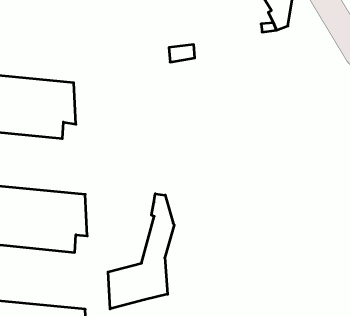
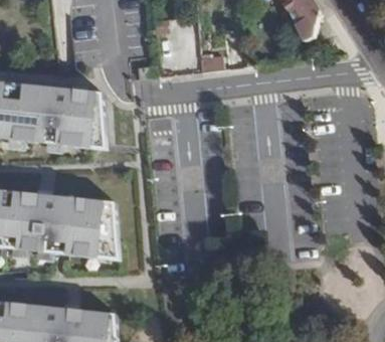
building: [108,194,174,309] -> none

